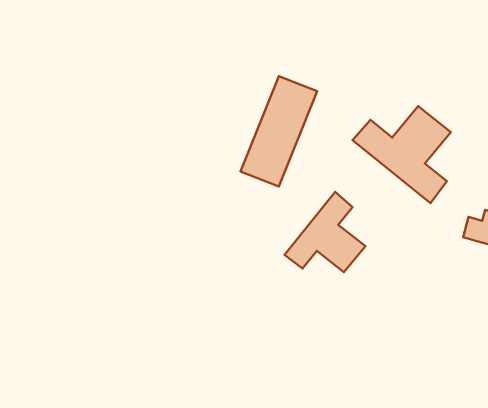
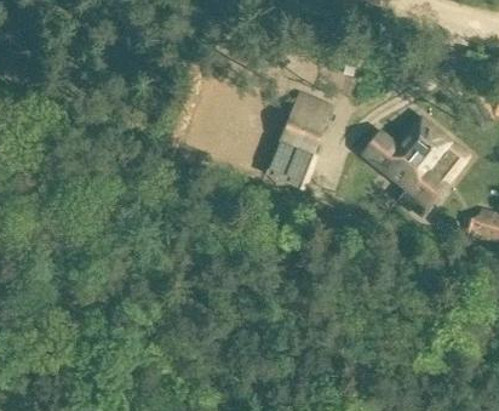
building: [284,192,365,272] -> none

